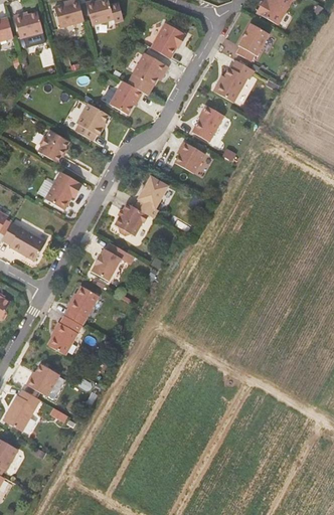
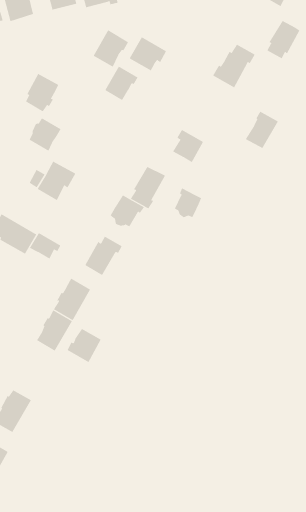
building: [152,22,186,58] -> [93,29,129,67]
building: [236,23,269,60] -> [266,20,300,59]
building: [76,103,109,140] -> [25,73,59,112]
building: [192,105,224,141] -> [245,111,279,149]
building: none -> [174,188,202,218]
building: none -> [29,232,61,260]
building: [27,363,60,396] -> [67,328,102,363]

